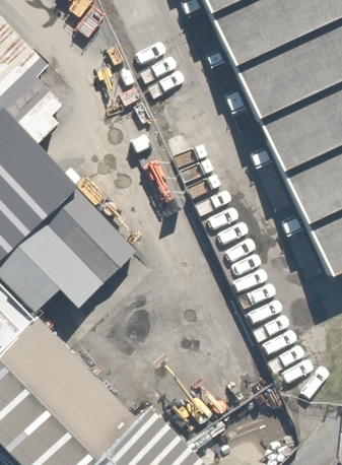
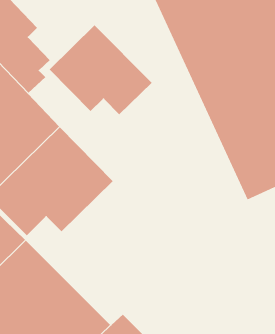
building: none -> [49,25,152,115]

